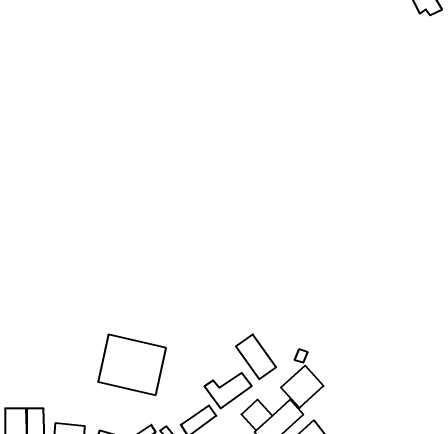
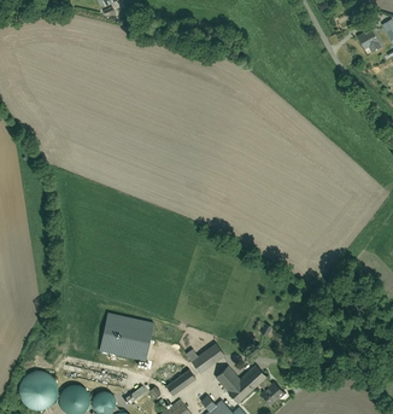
building: [236,334,276,379] -> none
building: [281,366,324,408] -> none

